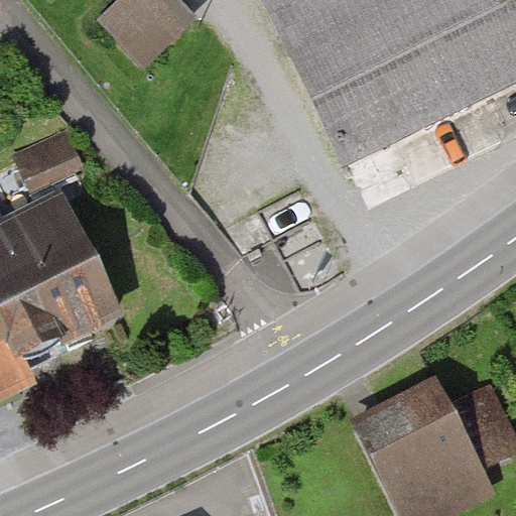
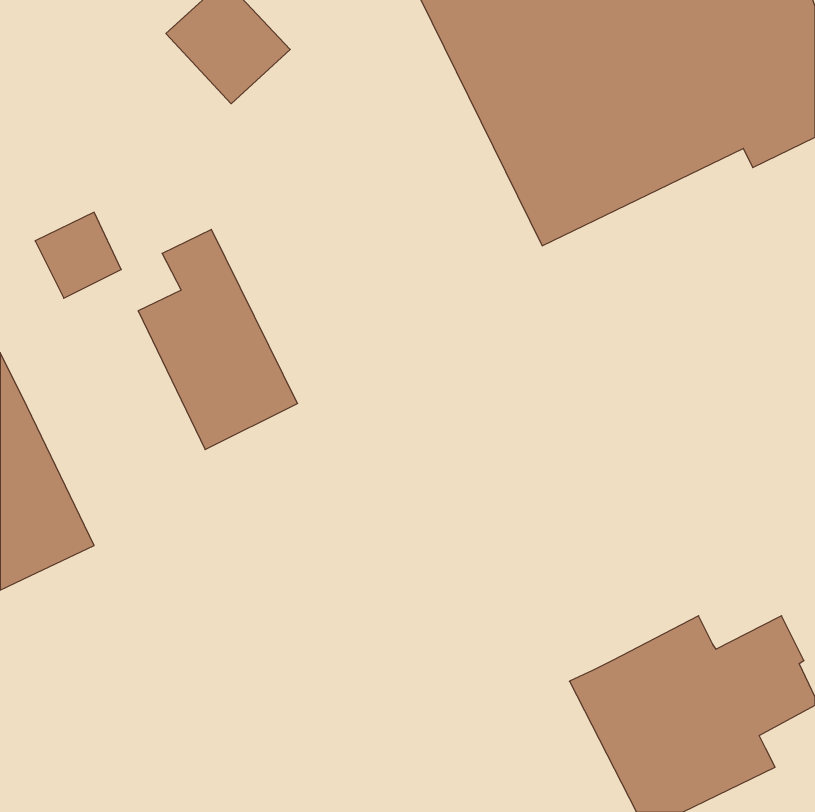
building: [17,206,118,345] -> [138,229,298,450]

